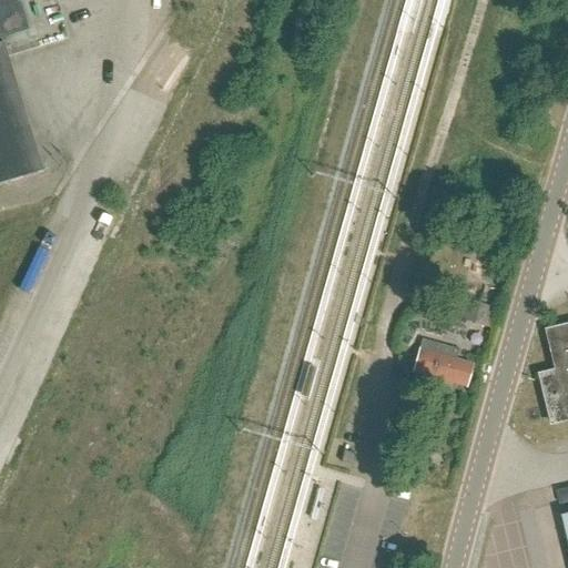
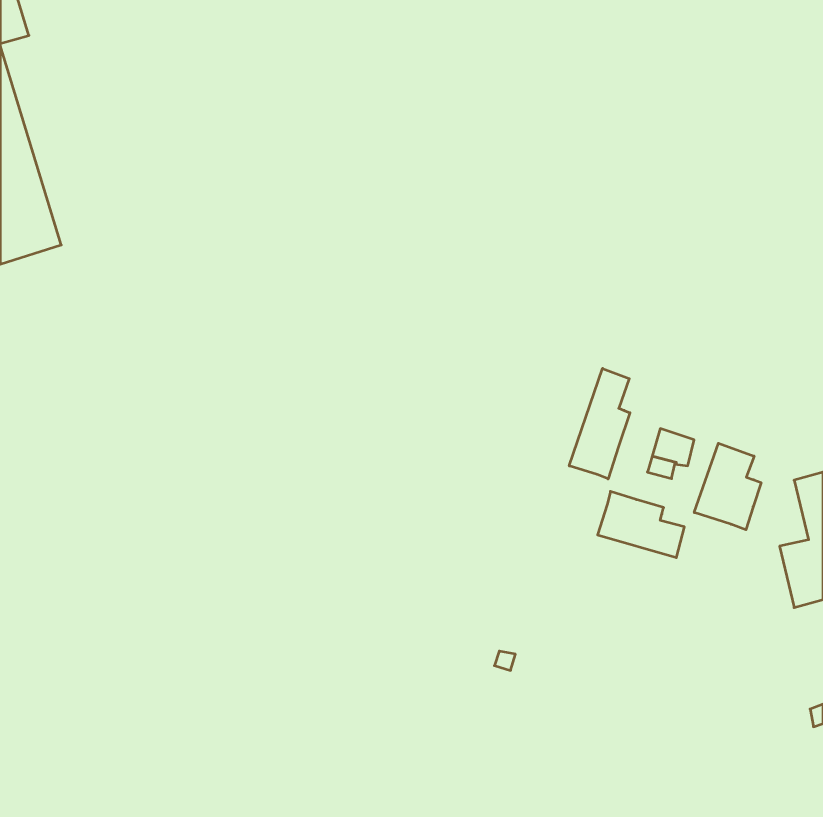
building: none -> [569,368,630,479]
building: none -> [694,443,761,530]

